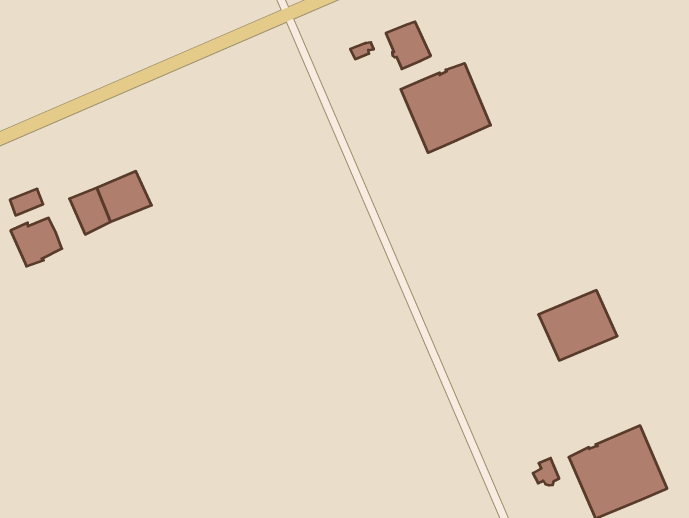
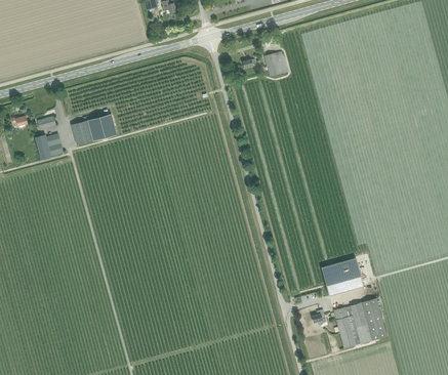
building: [401,63,491,153] -> none
building: [538,290,617,360] -> [321,258,364,295]

